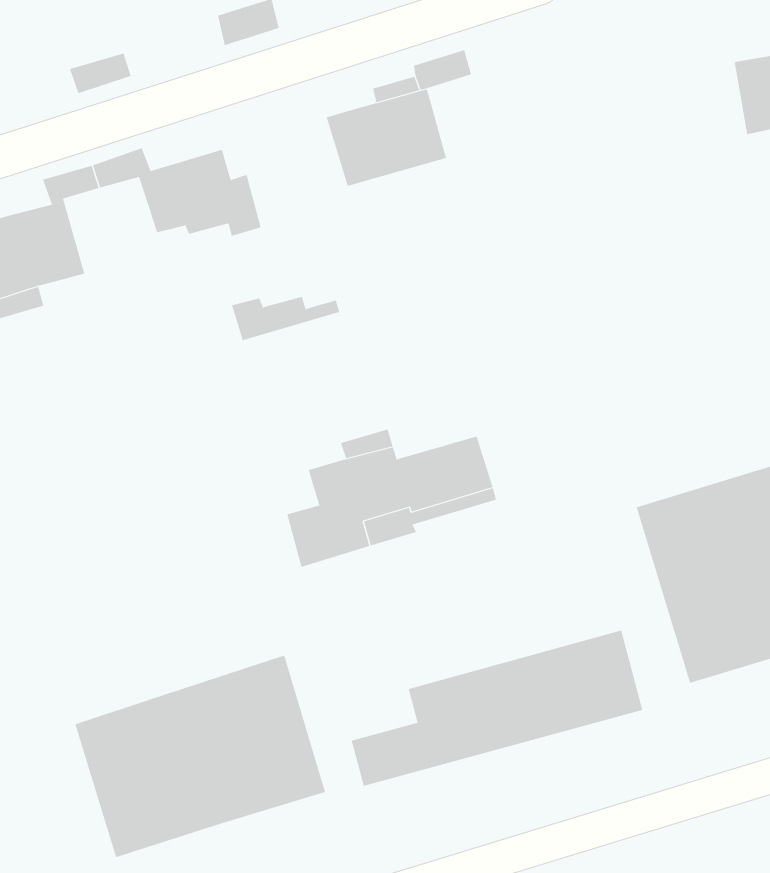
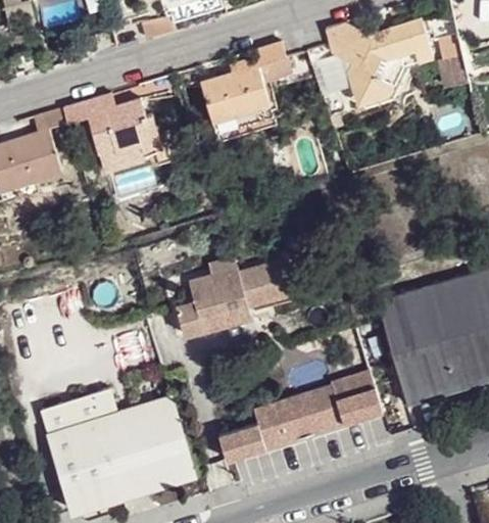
building: none -> [312,21,421,110]
building: [231,296,340,341] -> [103,142,165,168]
building: none -> [47,387,105,429]

